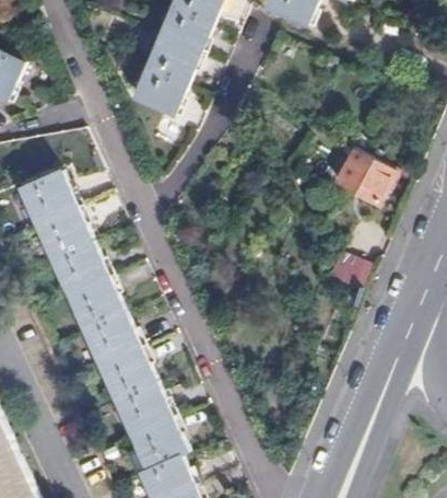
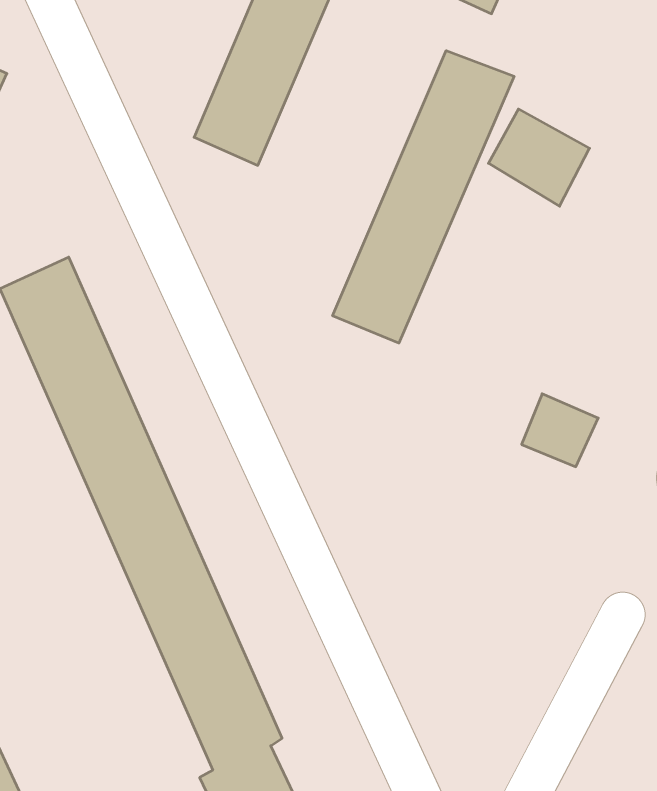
building: none -> [333,51,514,343]
building: [330,146,389,202] -> [488,109,590,206]

